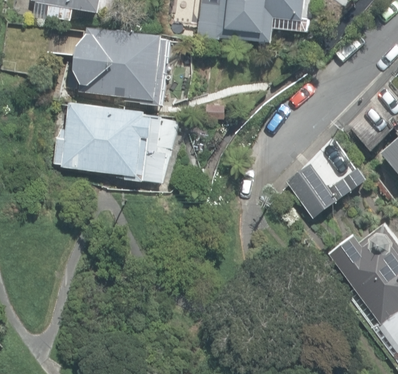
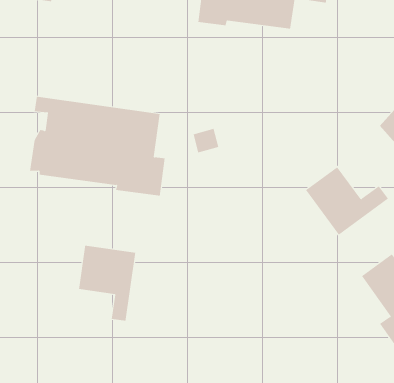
building: [58,26,170,108] -> none
building: none -> [78,245,136,321]

